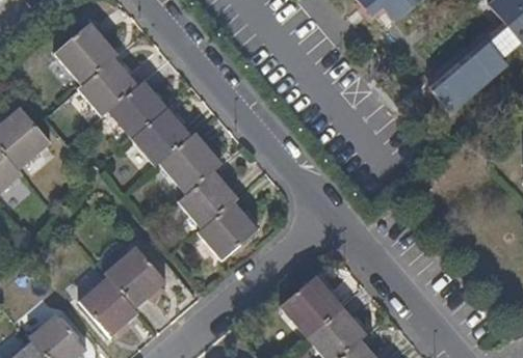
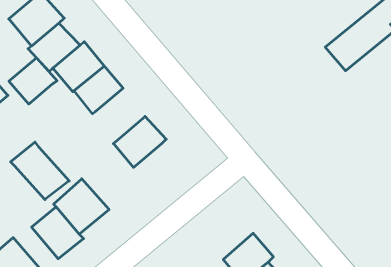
building: none -> [9,58,57,104]
building: [157,131,223,194] -> none
building: none -> [11,142,69,200]
building: [198,200,259,258] -> none
building: [282,276,343,337] -> none

